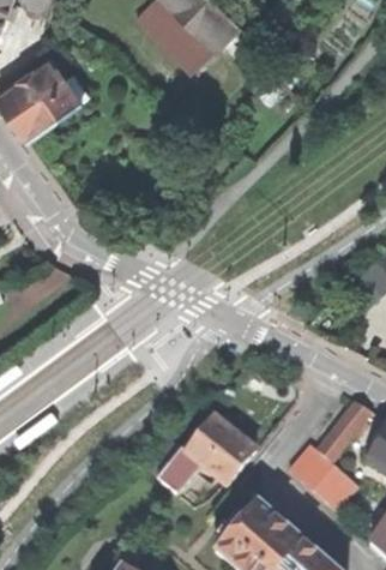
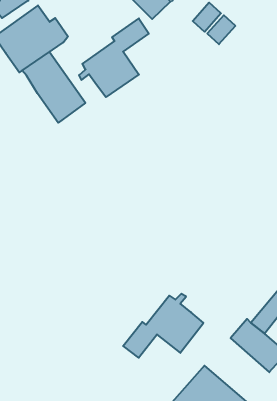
building: none -> [79,18,149,97]
building: none -> [22,52,85,123]

